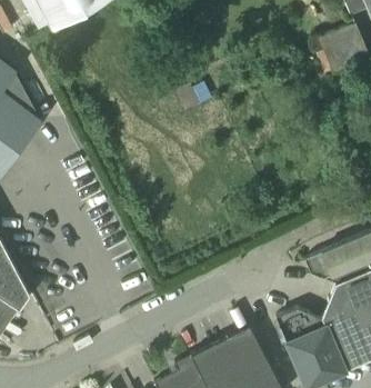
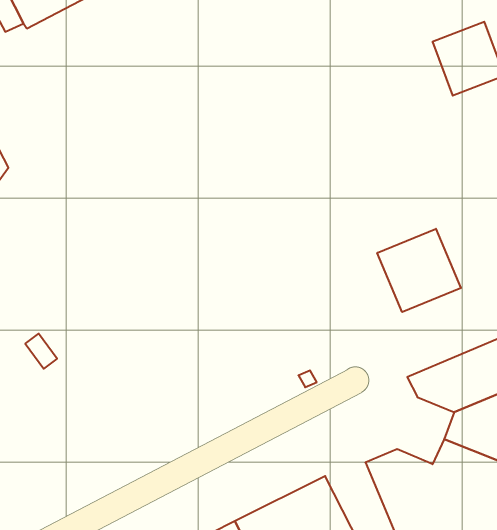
building: none -> [377,229,461,312]

